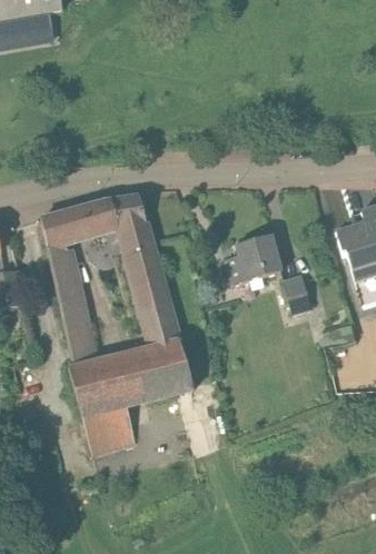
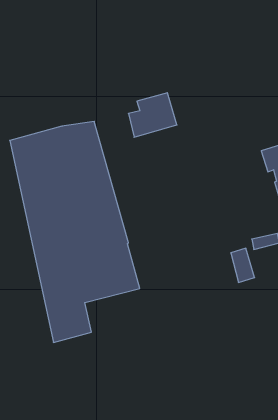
building: [225,234,281,286] -> [128,93,177,137]
building: [284,274,311,314] -> [231,248,255,282]

